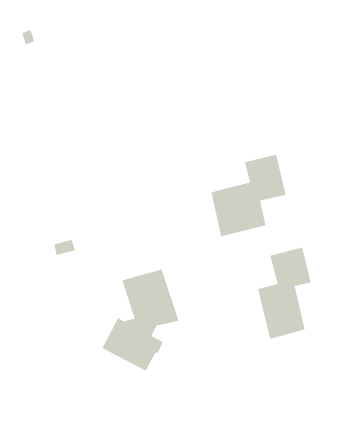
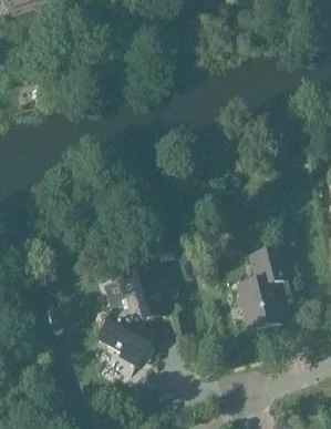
building: [211,154,286,237] -> none

